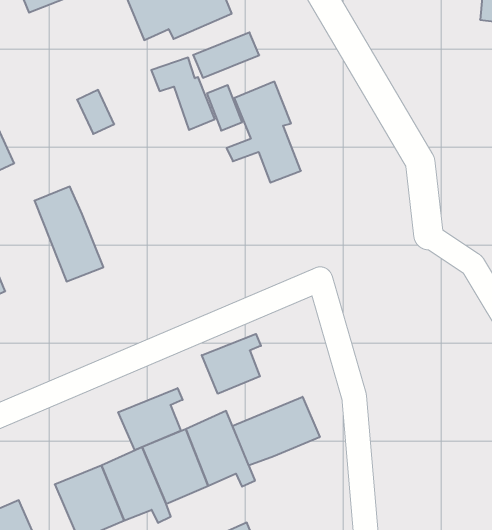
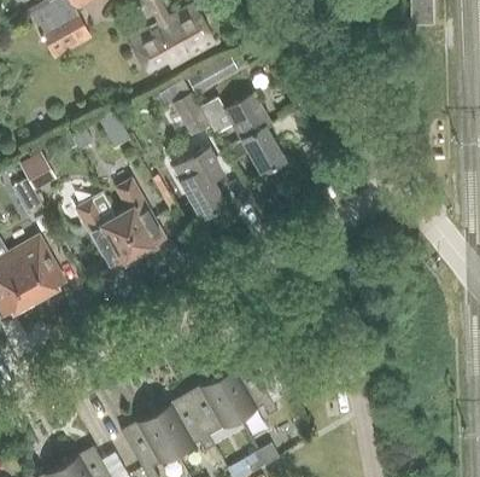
building: none -> [172,147,224,219]
building: none -> [117,180,163,255]
building: [202,334,261,394] -> none
building: [118,388,183,450] -> none
building: [233,397,320,465] -> none

